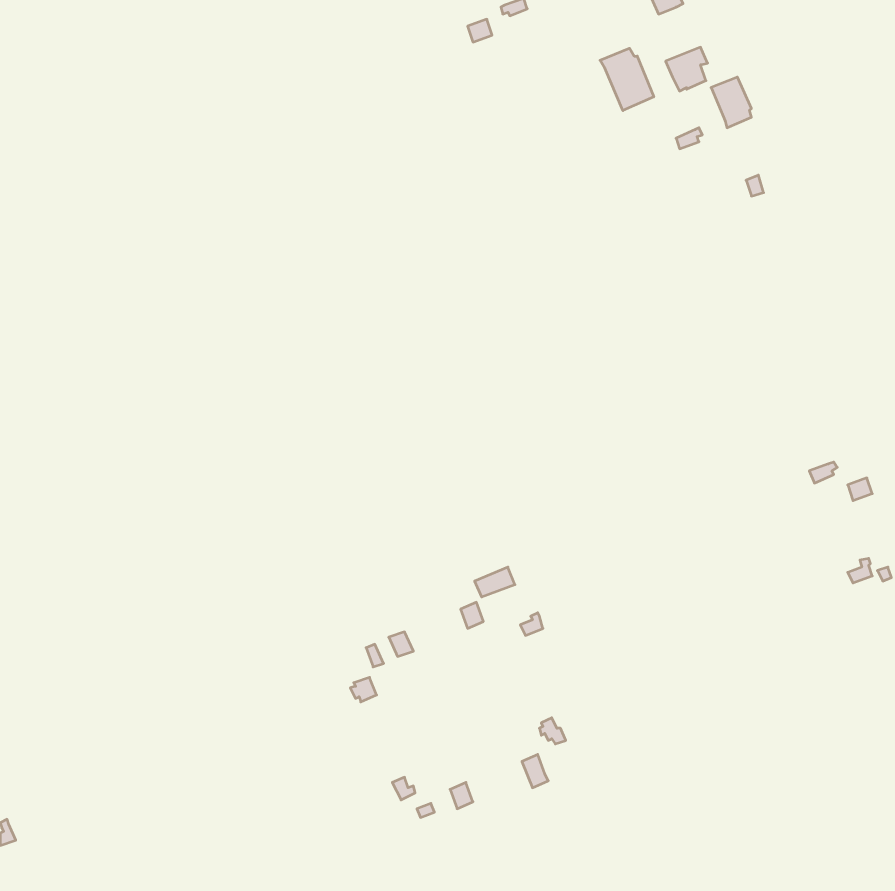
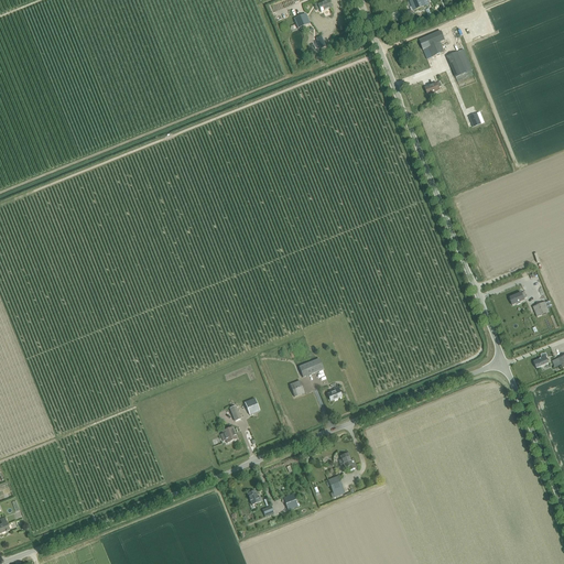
building: [600,48,654,111] -> none

